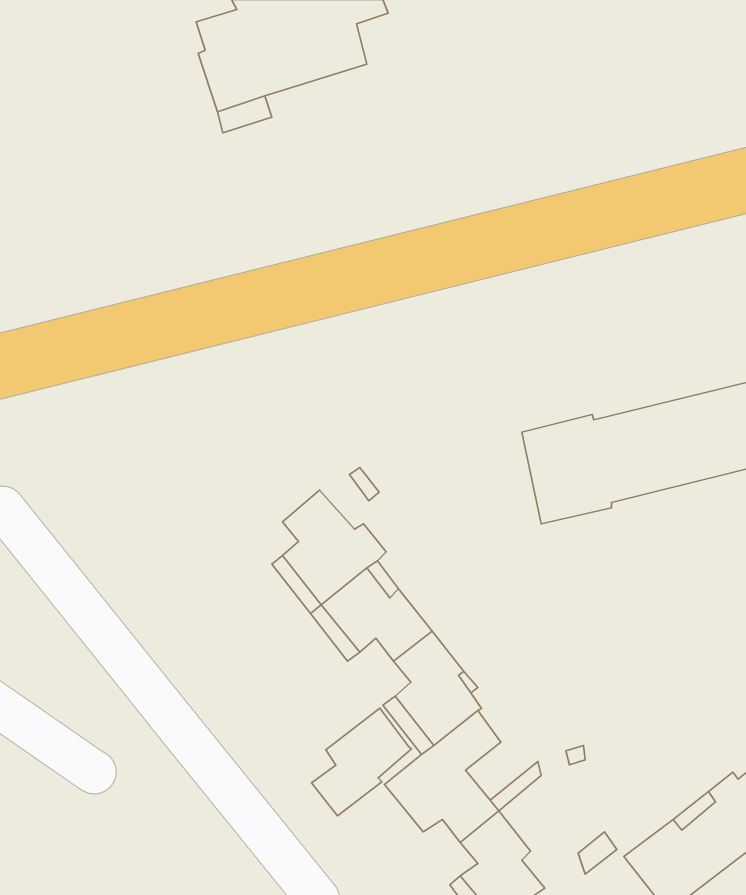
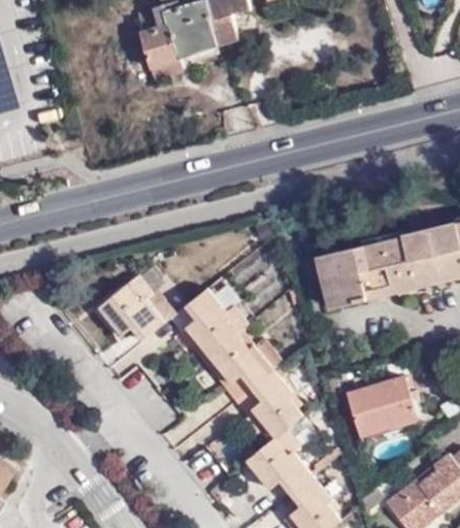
building: none -> [98,275,176,340]
building: none -> [347,374,417,432]
building: [312,708,412,816] -> none

